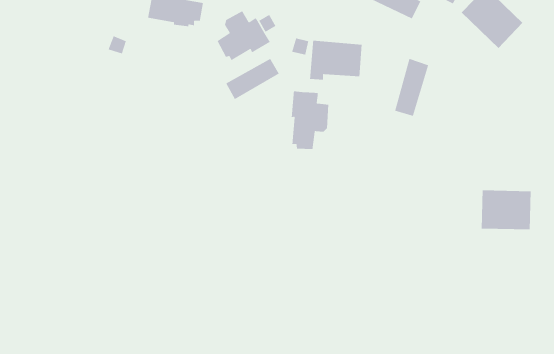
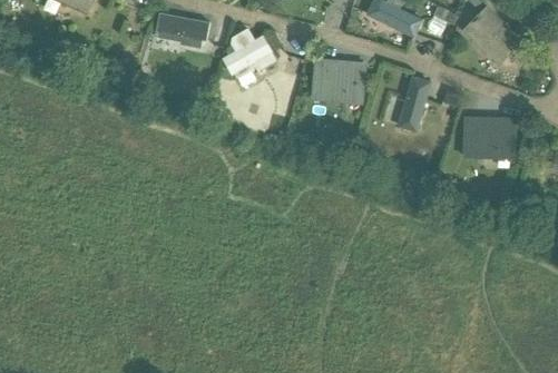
building: [225,58,280,100] -> none
building: [291,90,329,150] -> none
building: [481,190,532,230] -> [466,117,516,157]

